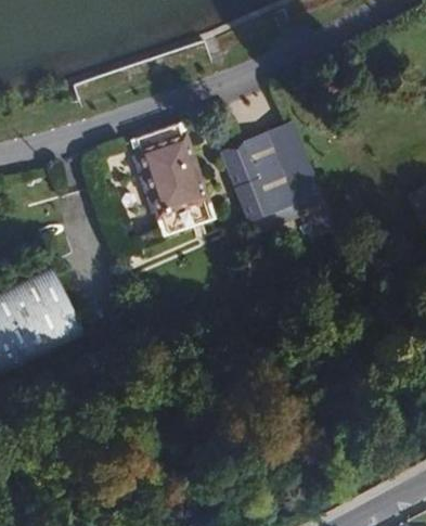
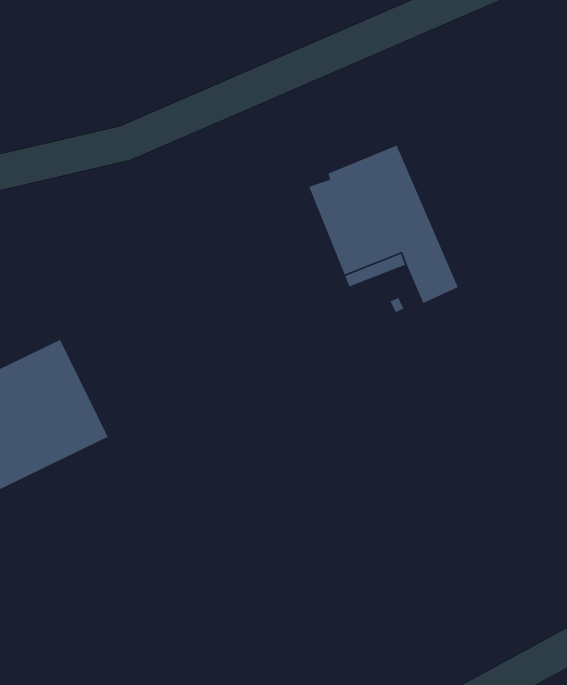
building: [126,119,209,233] -> none

